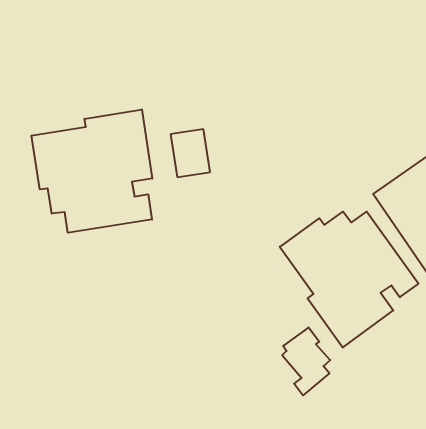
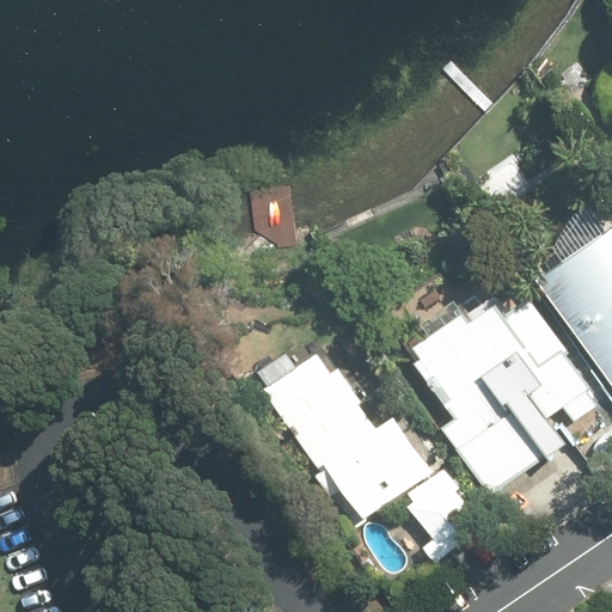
building: [31,109,152,233] -> none
building: none -> [261,350,430,519]

